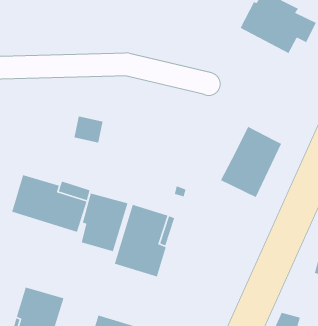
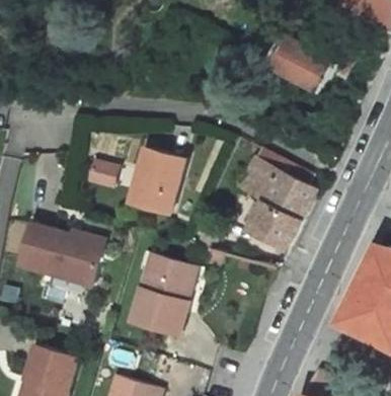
building: none -> [238,150,309,200]
building: [81,193,128,252] -> [132,149,183,214]

